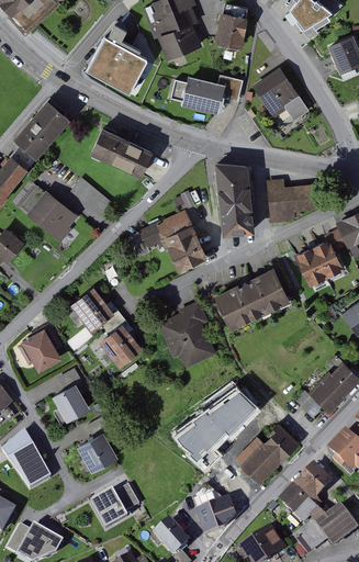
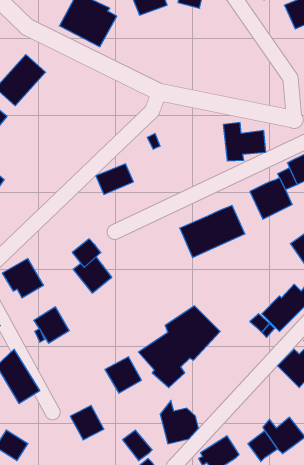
building: [254,68,308,122] -> none
building: [169,74,240,116] -> none
building: [92,131,152,176] -> none
building: [214,162,251,234] -> none
building: [71,178,110,213] -> none
building: [29,192,80,243] -> none
building: [156,211,204,269] -> none
building: [69,288,112,331] -> none
building: [157,301,213,364] -> none
building: [235,424,296,480] -> none
building: [81,434,122,474] -> [105,357,141,393]
building: [278,464,330,524] -> none

